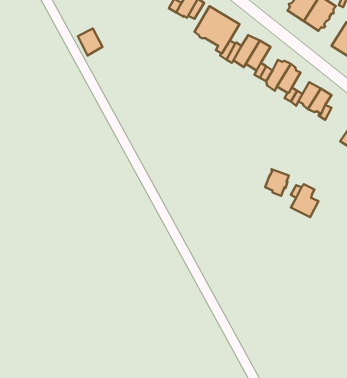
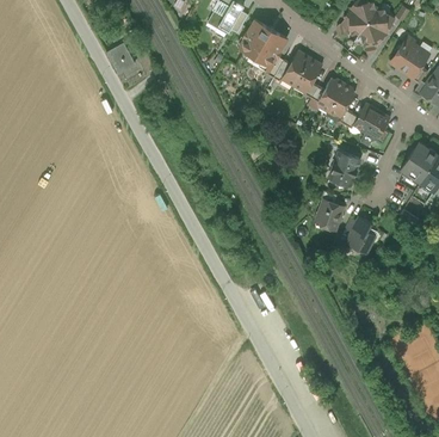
building: none -> [329,152,360,185]

